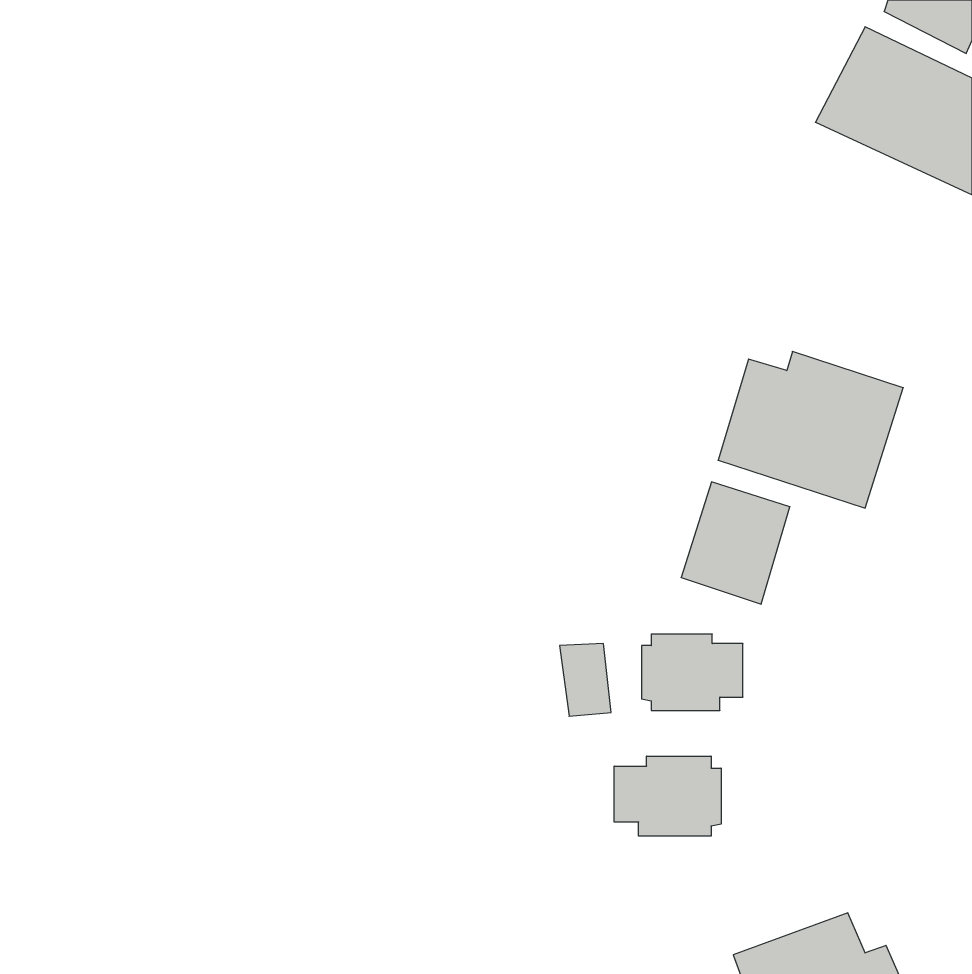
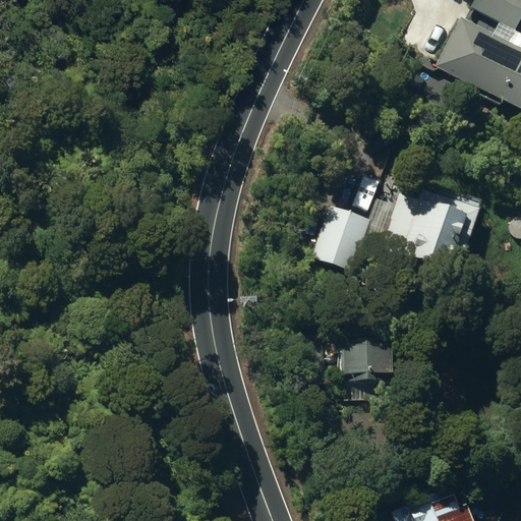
building: [681,482,790,604] -> [312,206,370,271]
building: [614,756,721,836] -> none

